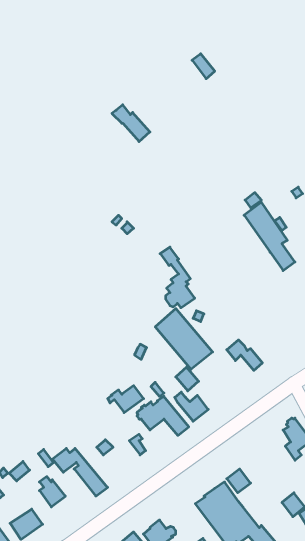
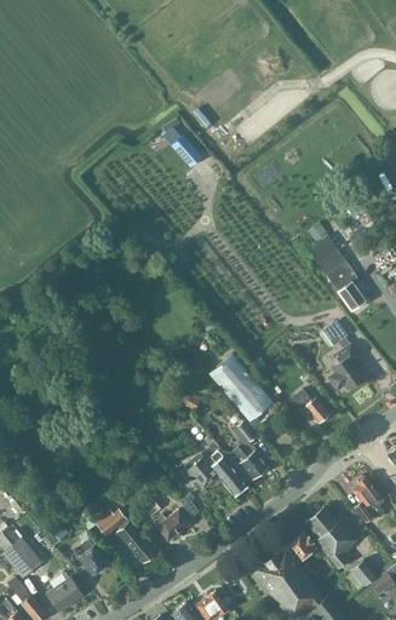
building: [160,247,195,308] -> [323,322,362,390]
building: [108,386,144,413] -> [149,510,189,540]
building: none -> [305,507,357,569]

